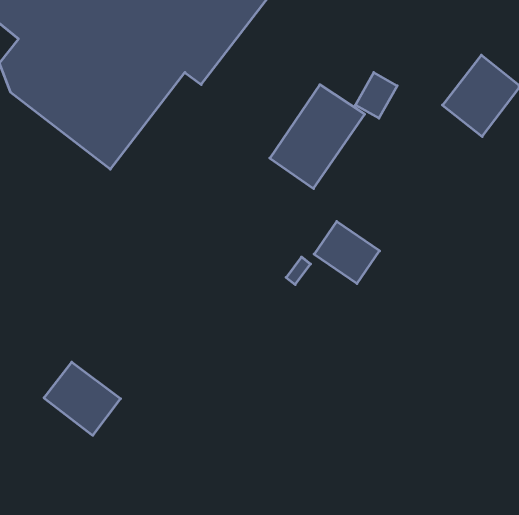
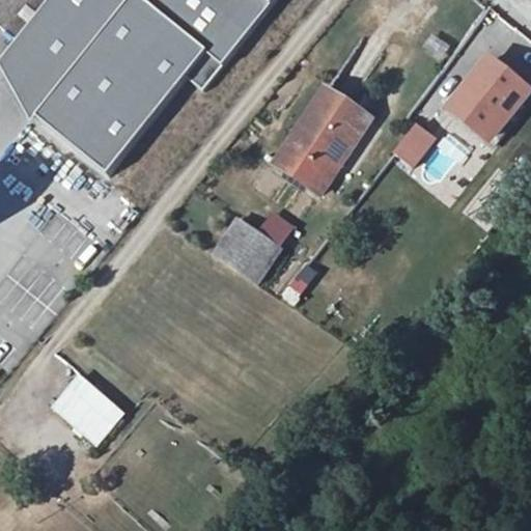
building: [355,72,397,118] -> [390,116,432,163]
building: [314,221,380,284] -> [214,217,280,280]

